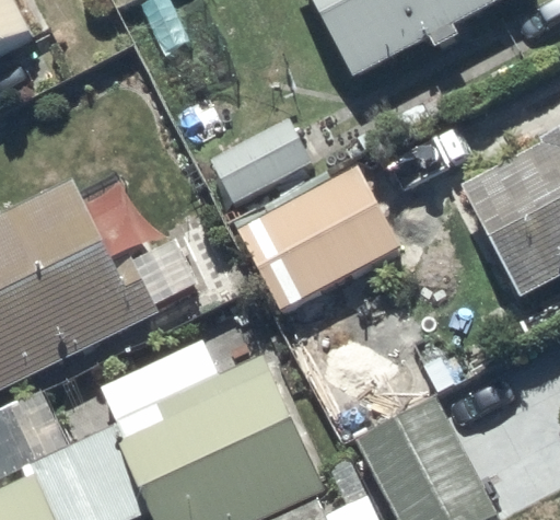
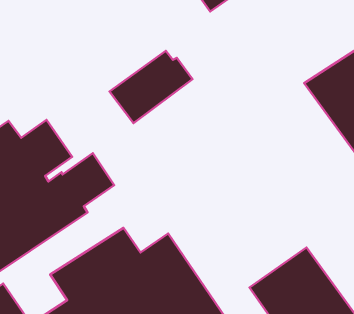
building: [237,160,409,312] -> none

